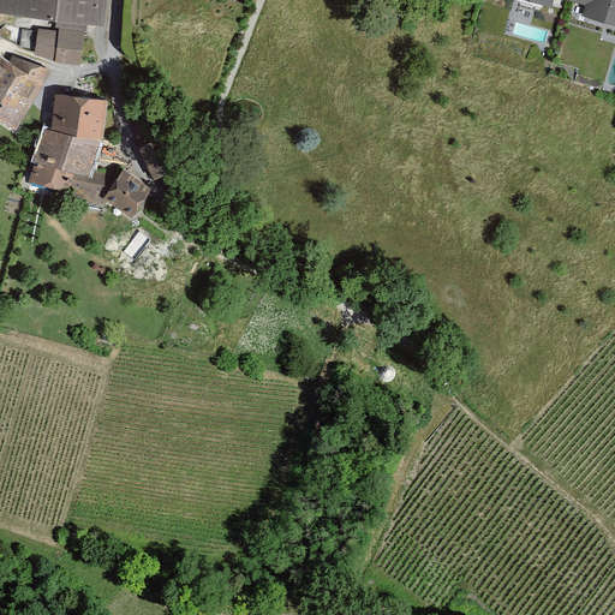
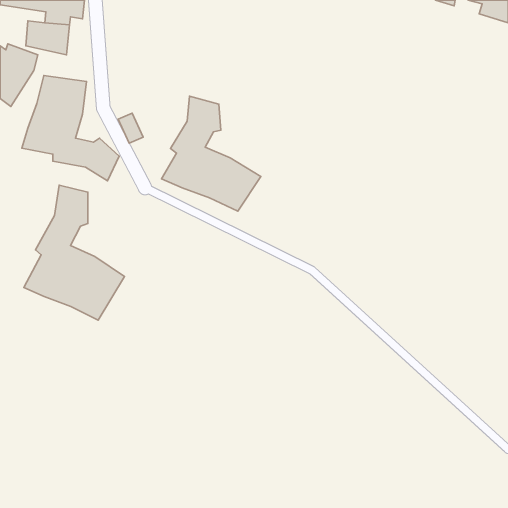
building: none -> [161,96,261,211]
building: none -> [24,185,124,320]

